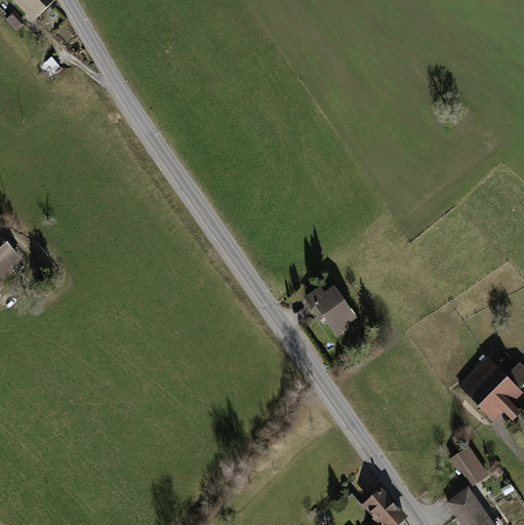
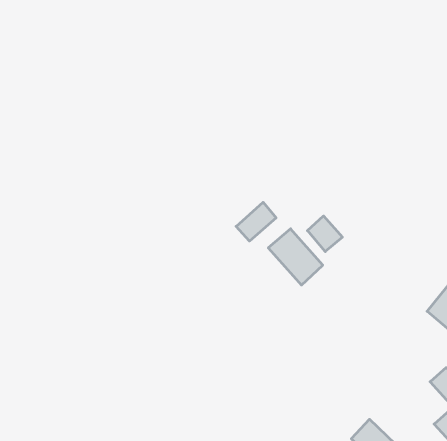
building: none -> [236,202,276,241]
building: none -> [307,216,342,252]

